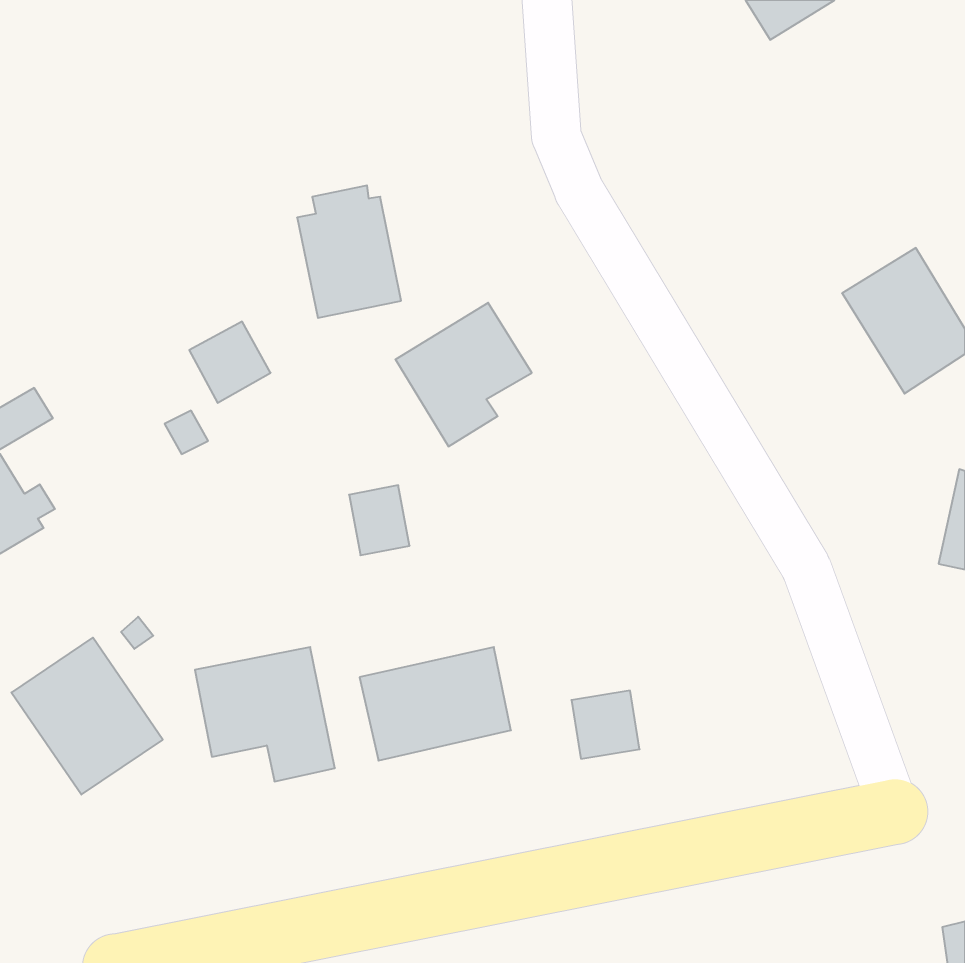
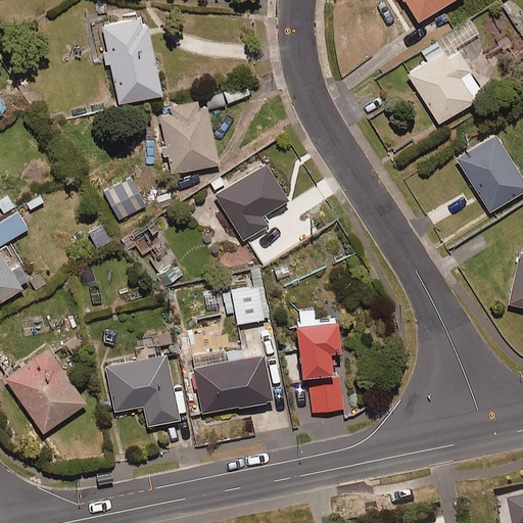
building: none -> [100,19,160,106]
building: none -> [407,53,474,126]
building: [349,485,410,555] -> [233,286,266,324]
building: none -> [298,307,347,374]

